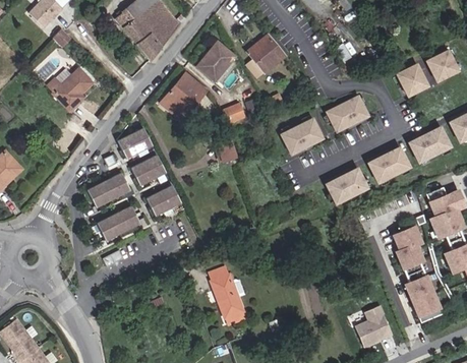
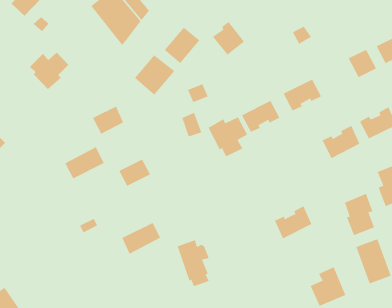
building: none -> [208,117,248,157]
building: [130,155,166,185] -> none
building: [326,170,367,206] -> [274,206,312,239]
building: [97,205,139,241] -> [122,222,161,255]

